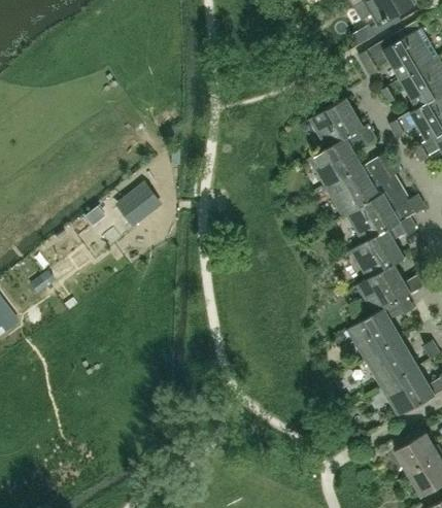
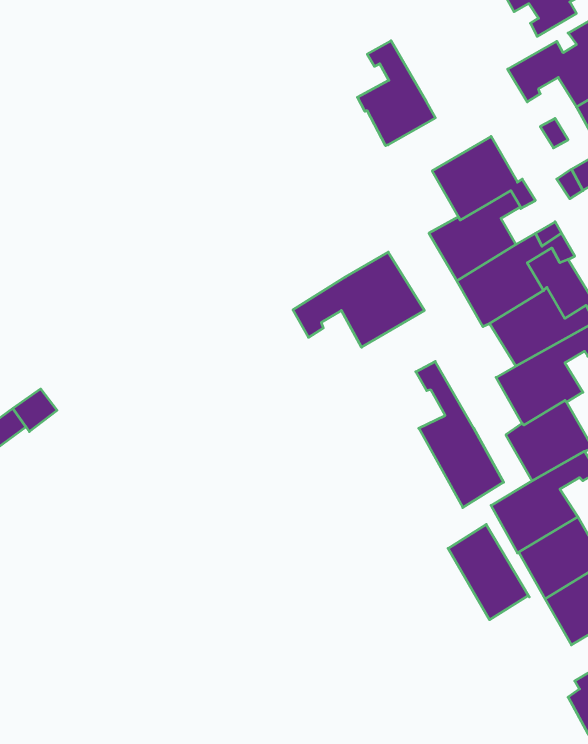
building: none -> [357,41,435,146]
building: none -> [293,252,424,347]
building: [113,185,156,228] -> none
building: none -> [416,361,504,508]
building: none -> [448,524,529,620]

